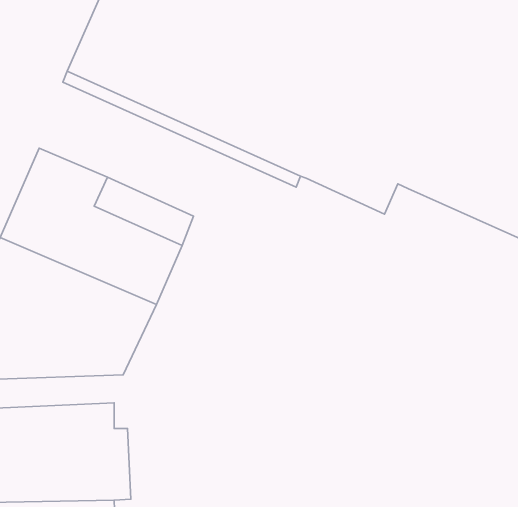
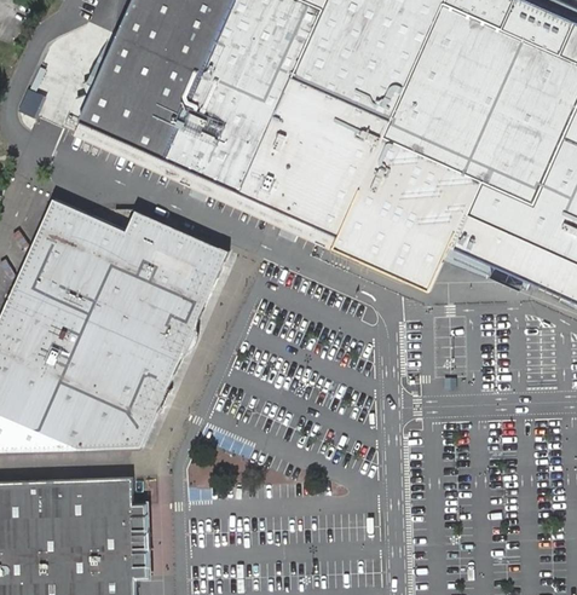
building: none -> [126,212,227,275]
building: none -> [336,233,451,288]

